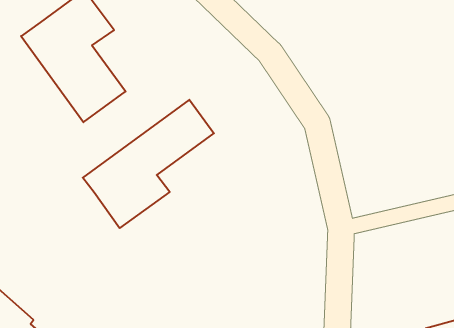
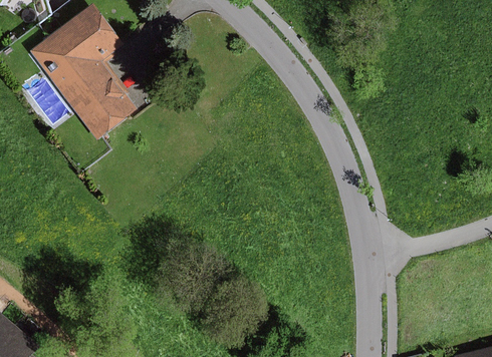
building: [83,100,214,228] -> none

